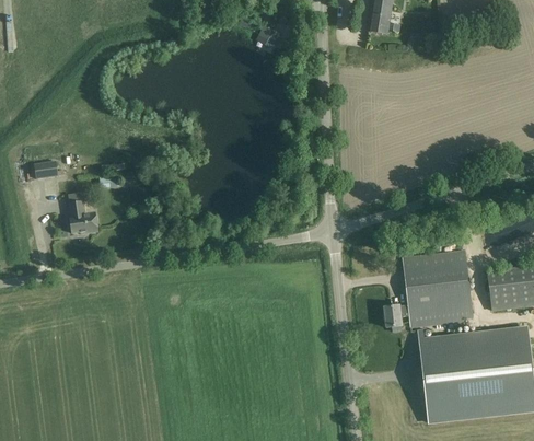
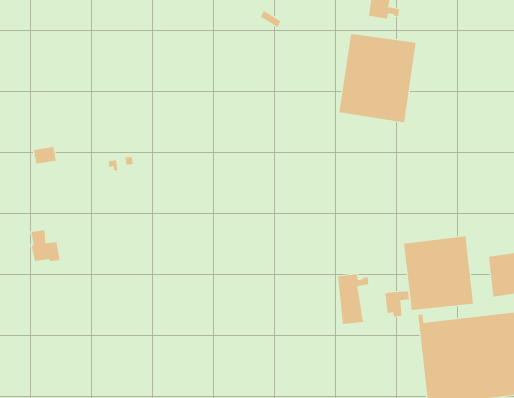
building: none -> [339,33,416,123]
building: [69,201,98,233] -> [31,230,60,262]
building: none -> [337,273,369,325]

